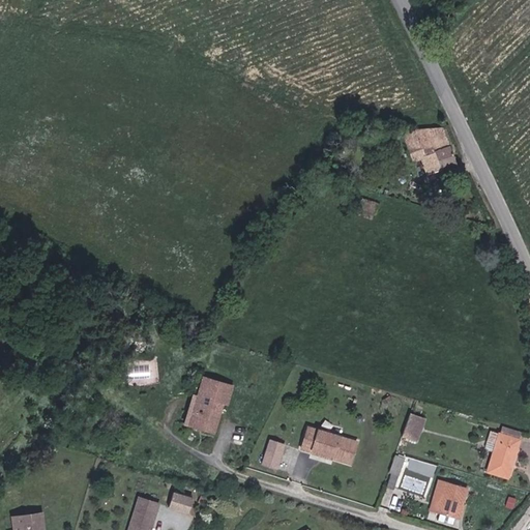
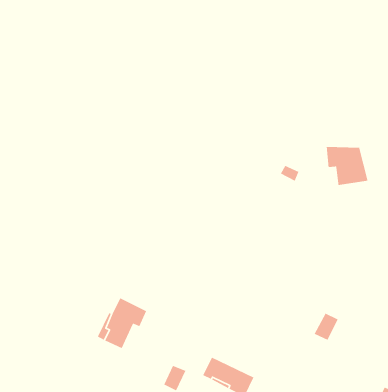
building: [406,127,457,172] -> [326,146,369,186]
building: [402,411,426,441] -> [313,312,339,341]

